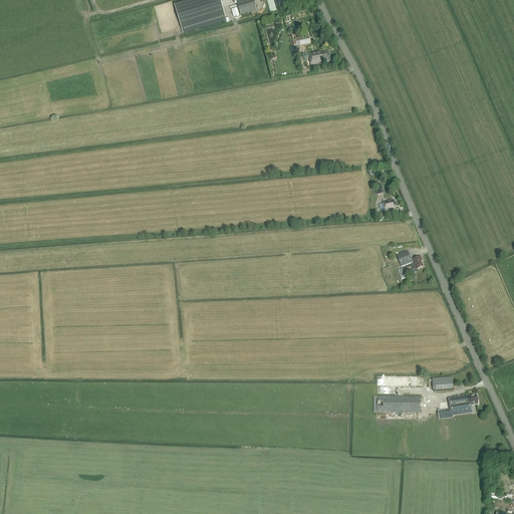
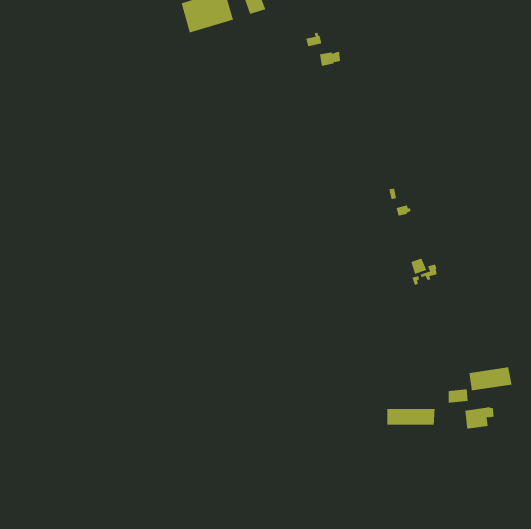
building: none -> [469,367,512,391]

